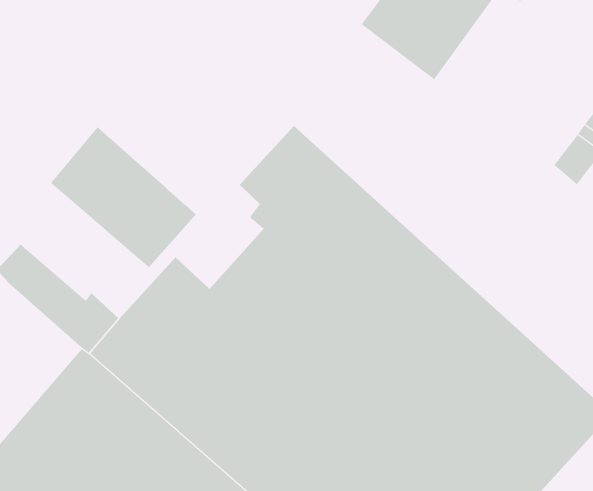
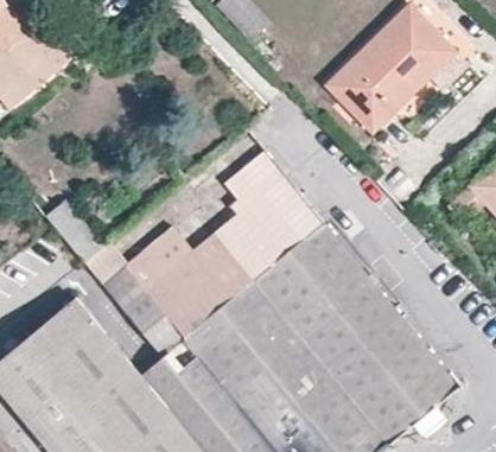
building: [50,126,197,268] -> none

